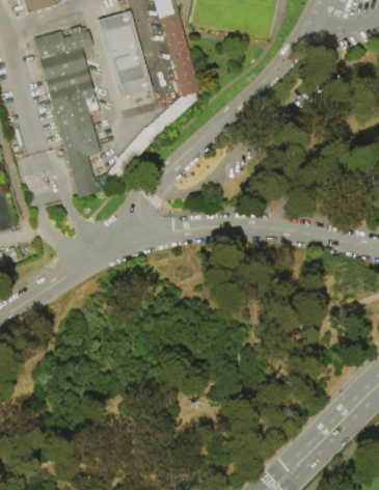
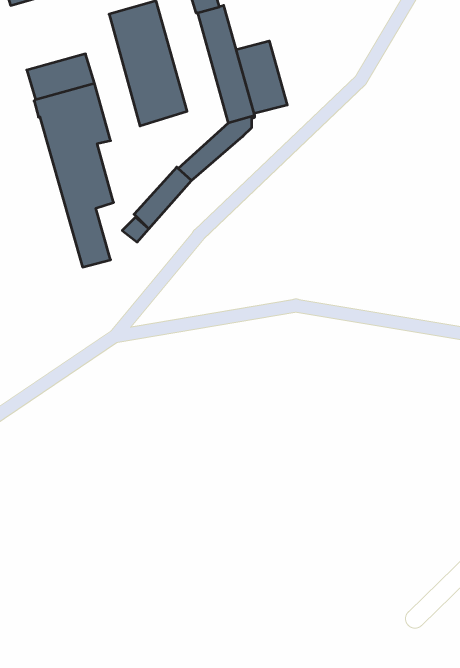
building: [34,24,93,57] -> none
building: none -> [236,41,287,114]

